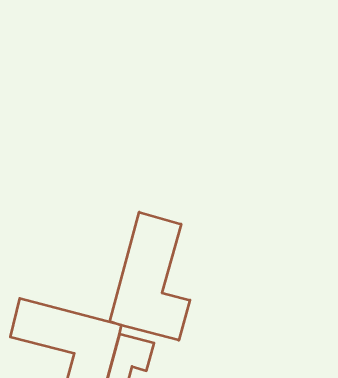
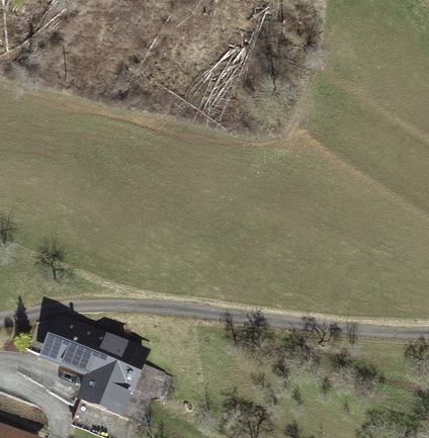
building: [110,212,190,340] -> none

